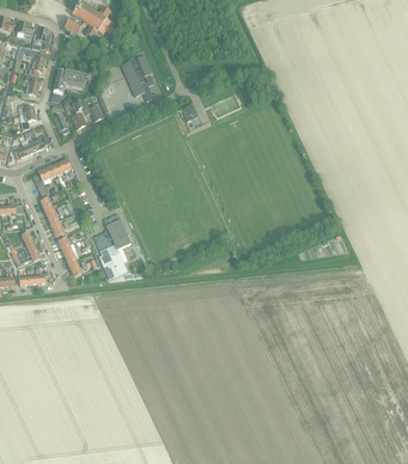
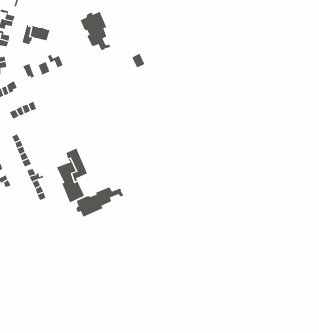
building: none -> [76,186,124,217]

